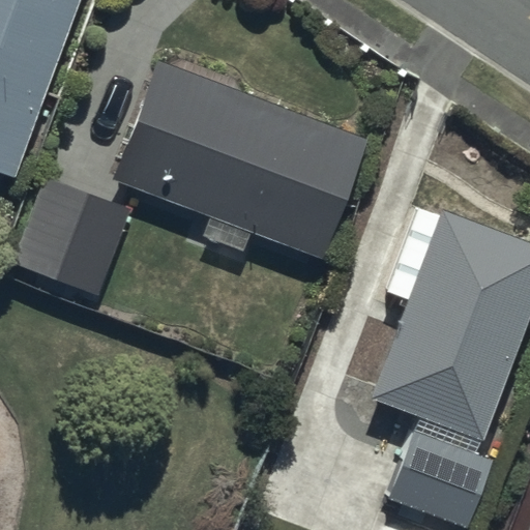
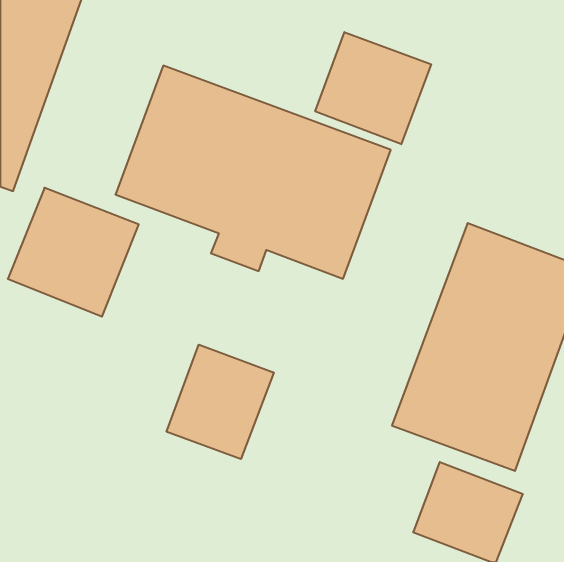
building: none -> [315,32,431,144]
building: none -> [167,345,274,459]

